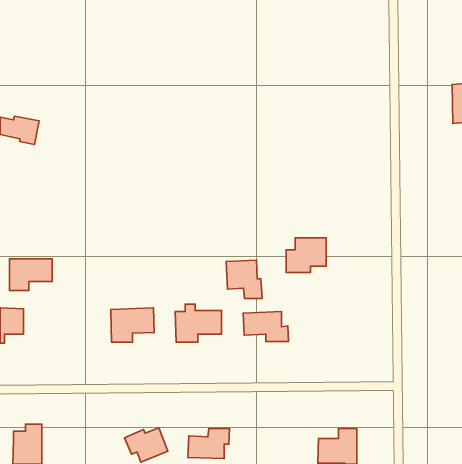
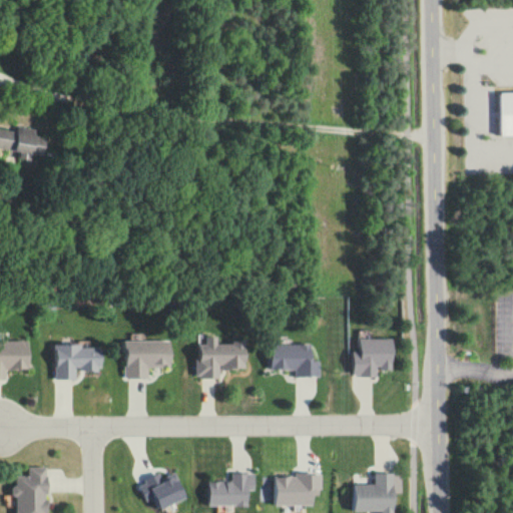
building: [286,238,326,272] -> [351,339,395,377]
building: [10,259,52,291] -> [55,345,102,380]
building: [226,260,262,298] -> none
building: none -> [274,473,322,505]

